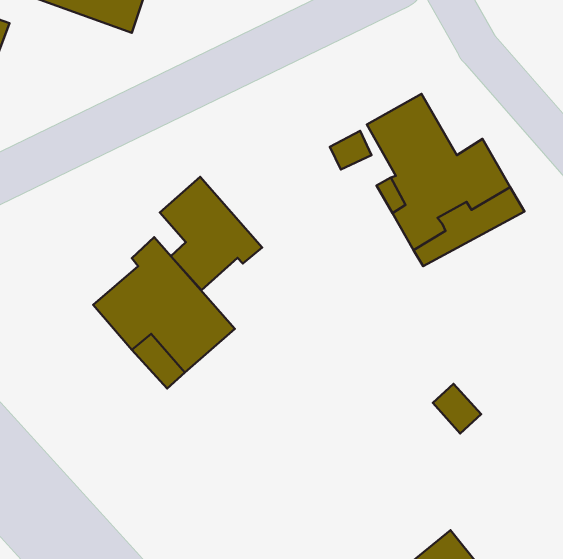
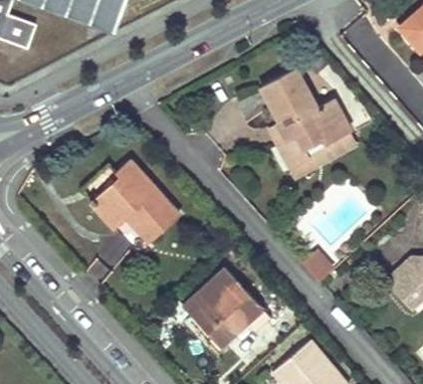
building: [160,177,262,290] -> none
building: none -> [181,263,261,344]

